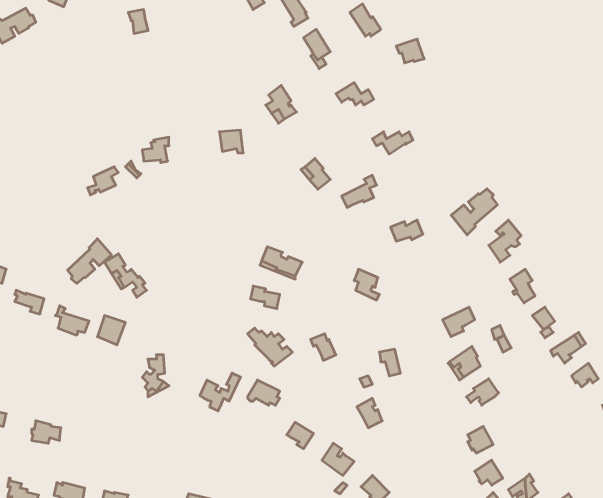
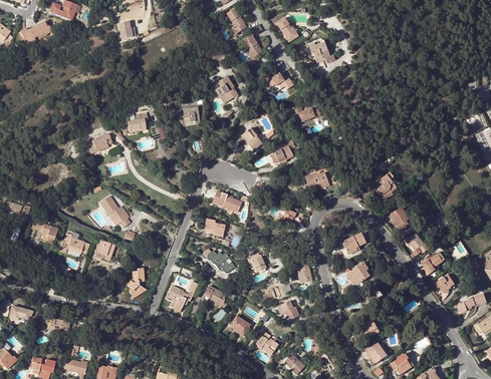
building: [451,189,497,235] -> none
building: [68,239,111,283] -> none

